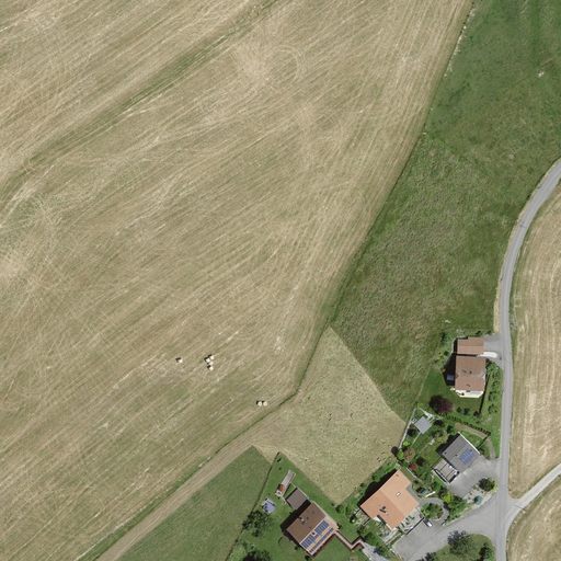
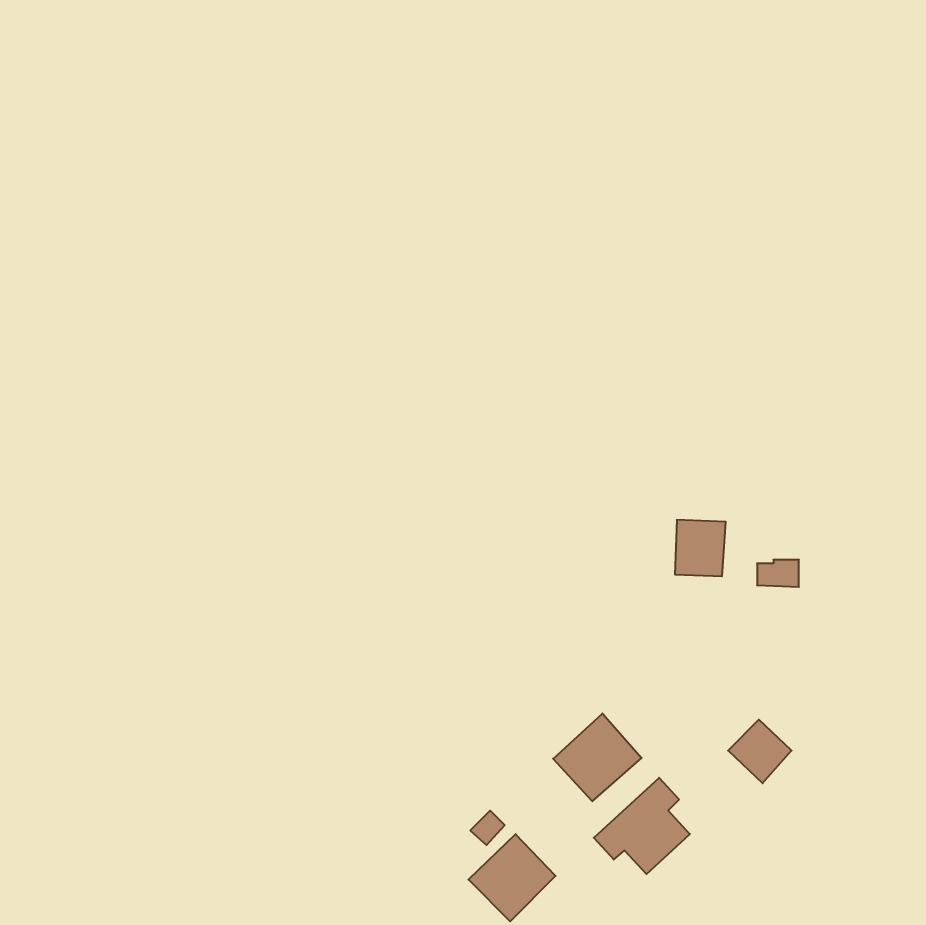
building: [455,356,485,390] -> [675,520,726,576]
building: none -> [553,713,642,801]

